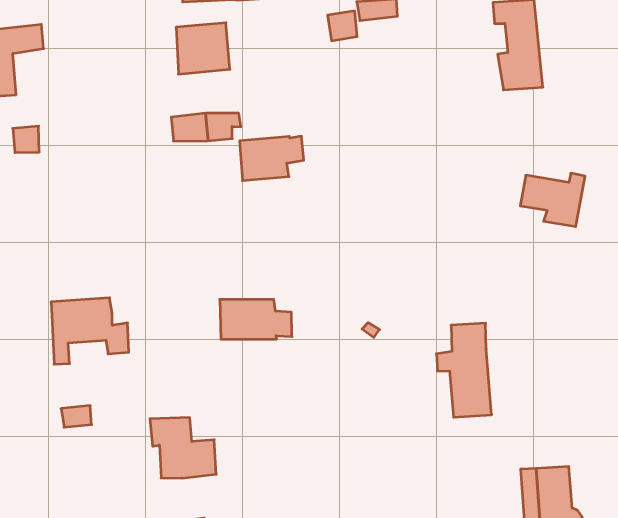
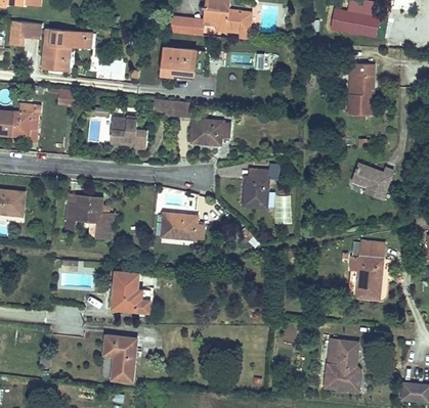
building: none -> [108,116,141,148]
building: none -> [243,171,276,211]
building: [436,323,492,417] -> [354,242,387,299]

